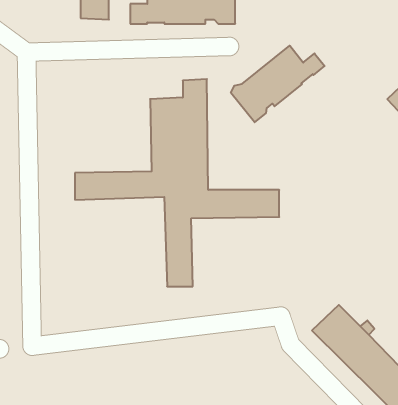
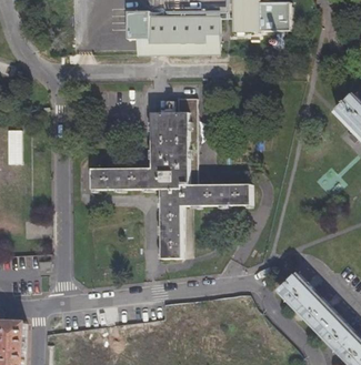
building: [231,46,325,122] -> none

